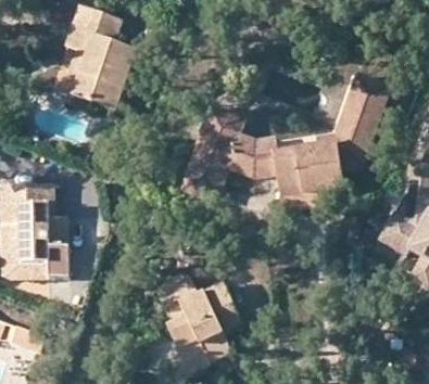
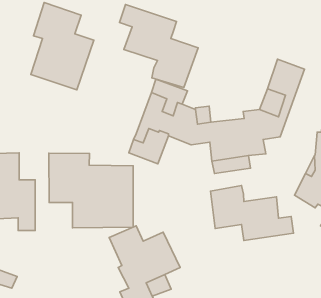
building: none -> [120,4,198,87]
building: none -> [49,153,133,228]
building: none -> [211,186,293,240]

